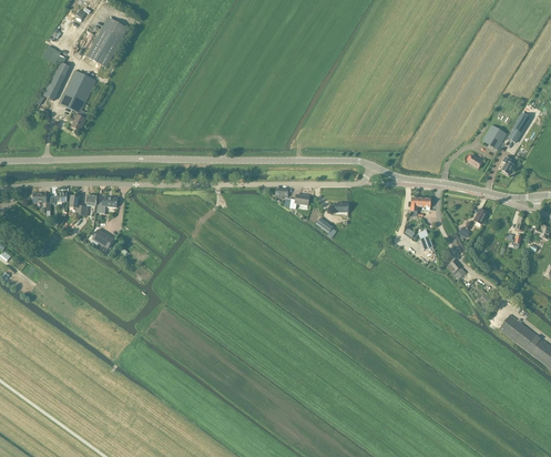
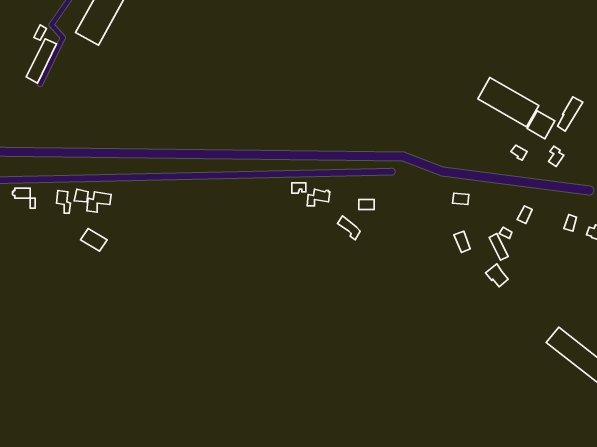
building: [59,69,95,130] -> none
building: none -> [478,77,539,127]

